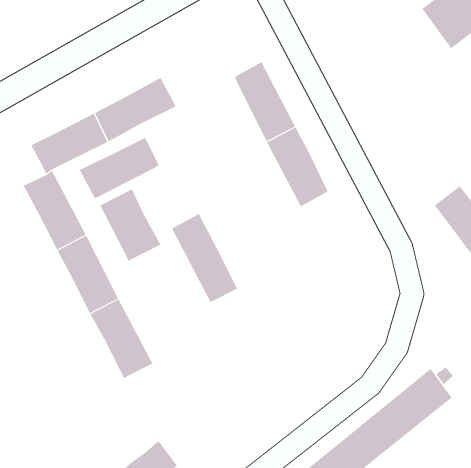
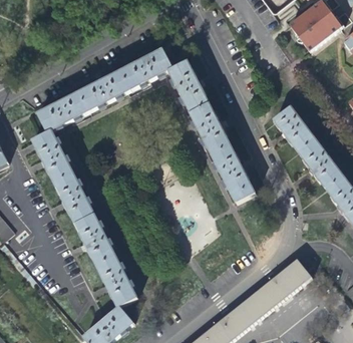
building: none -> [274,107,316,153]
building: [79,137,159,199] -> [122,49,174,89]
building: [99,189,161,262] -> none
building: [171,213,238,303] -> [213,144,256,203]
building: none -> [98,256,138,307]

